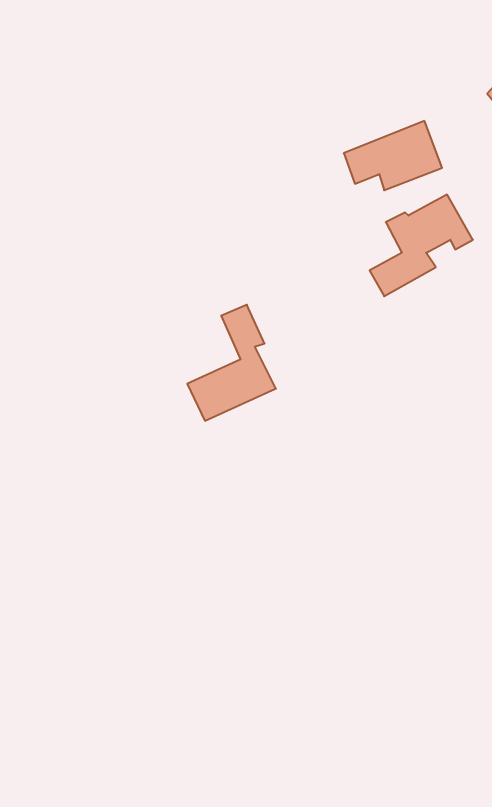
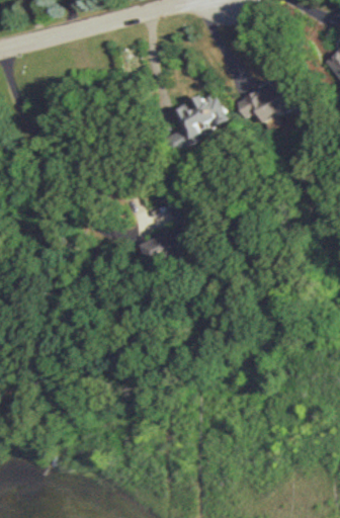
building: [370,195,473,296] -> [163,91,228,155]

